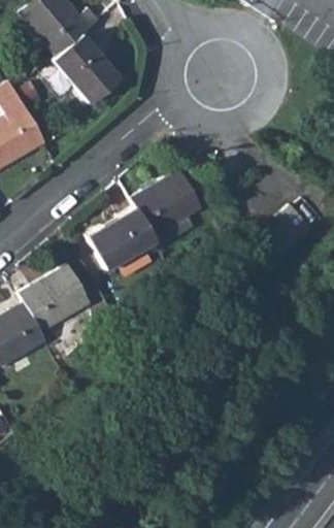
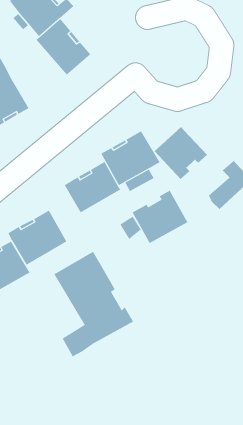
building: none -> [154,126,208,180]
building: none -> [132,190,188,244]
building: none -> [54,251,134,357]

